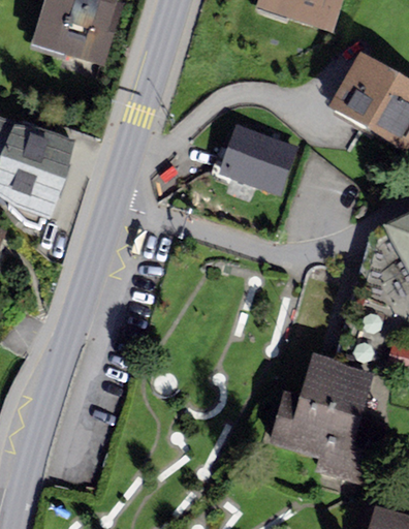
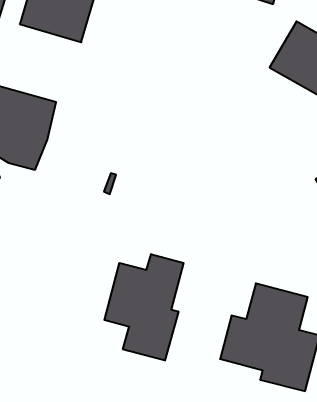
building: [216,121,300,196] -> none
building: none -> [104,254,184,361]

